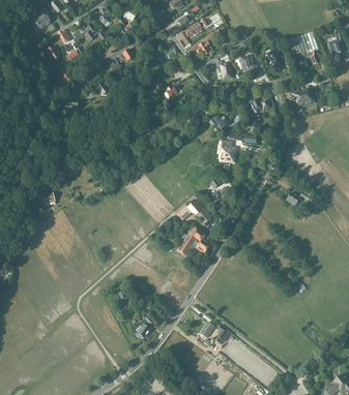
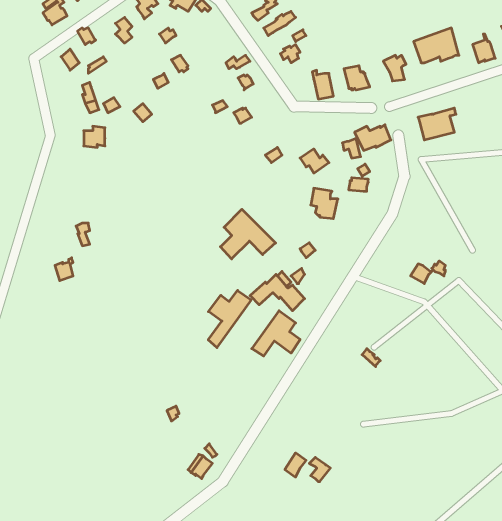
building: none -> [220,209,276,259]
building: none -> [208,290,251,348]

